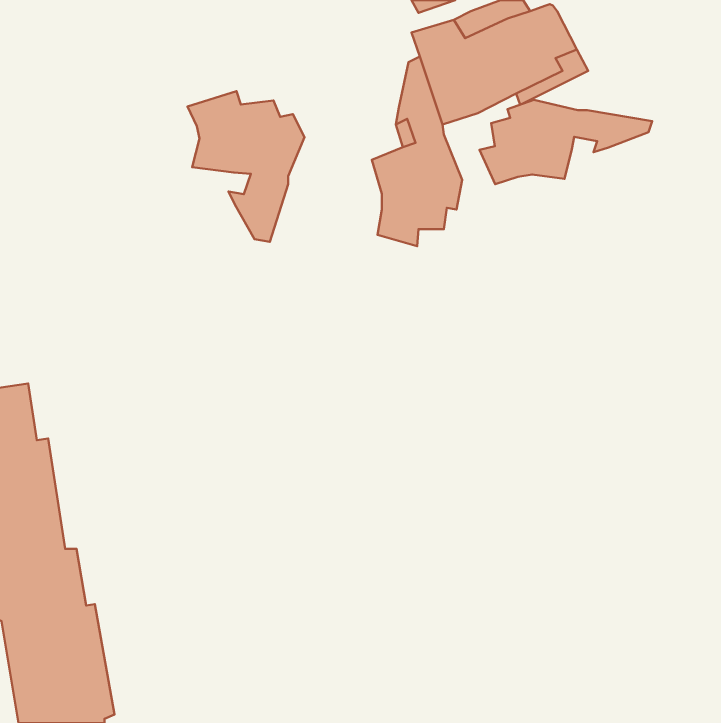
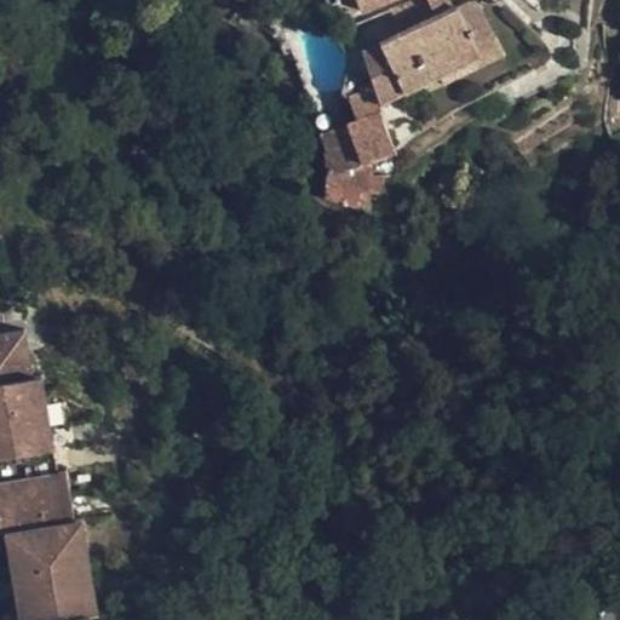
building: [188,91,305,242] -> none
building: [479,100,652,184] -> none

